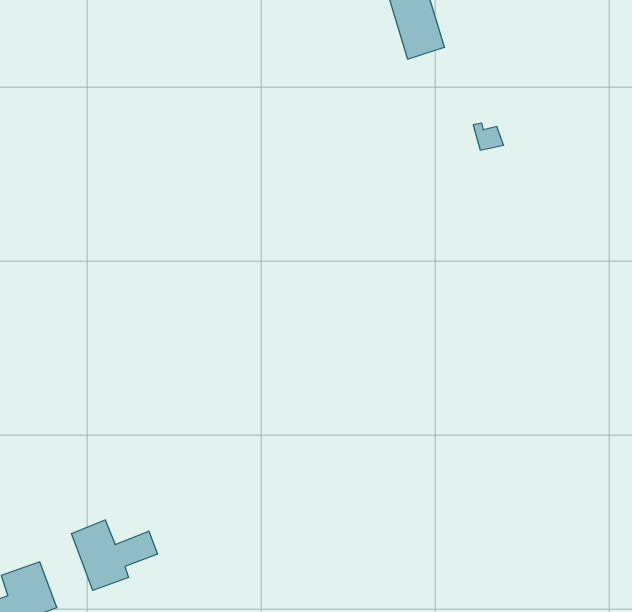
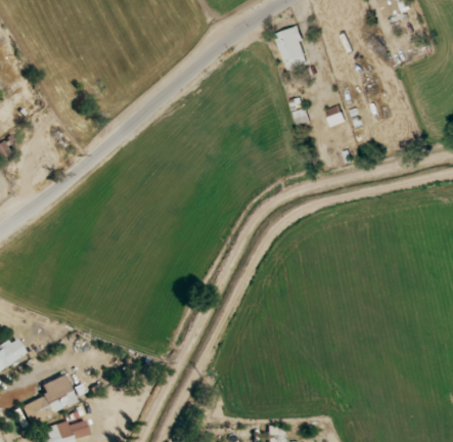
building: [72,520,157,590] -> none

